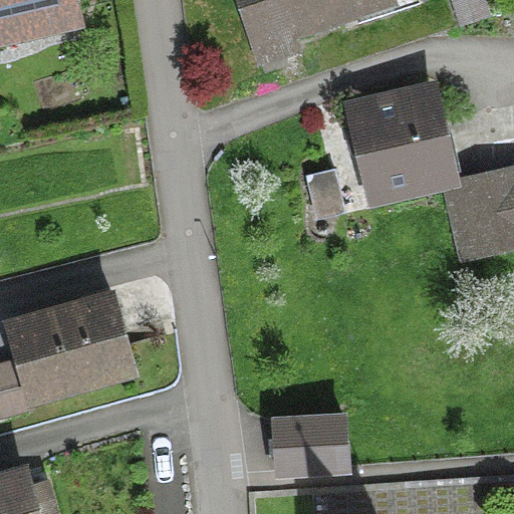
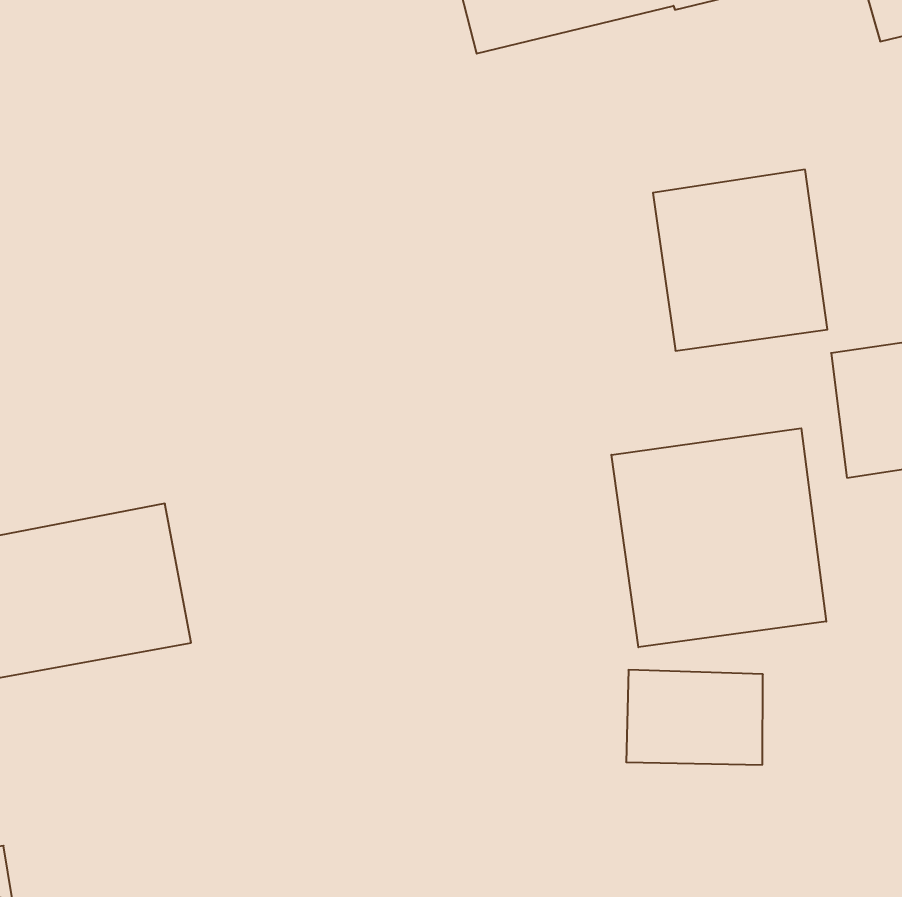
building: none -> [611,428,826,647]
building: [271,422,345,474] -> [626,670,763,765]

